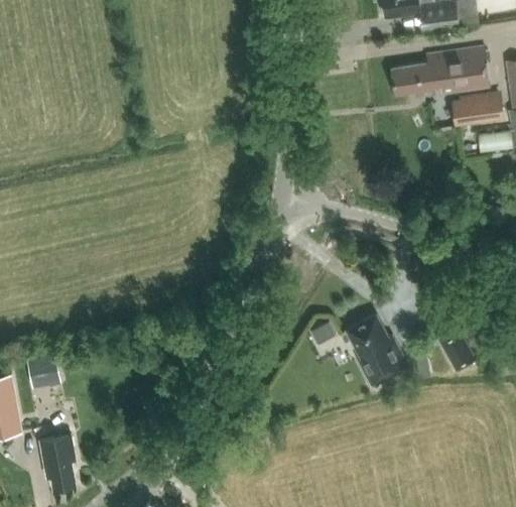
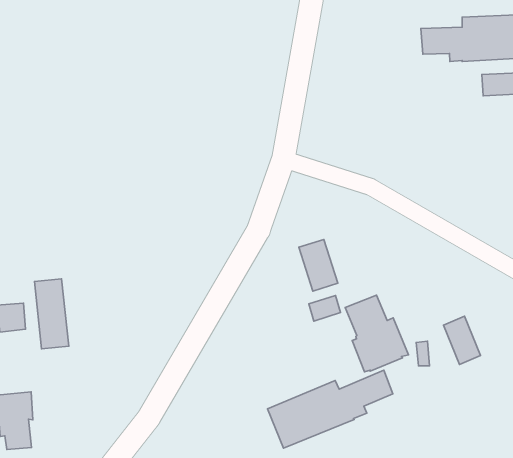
building: none -> [299,239,338,291]
building: none -> [34,279,69,349]
building: none -> [267,370,393,448]

